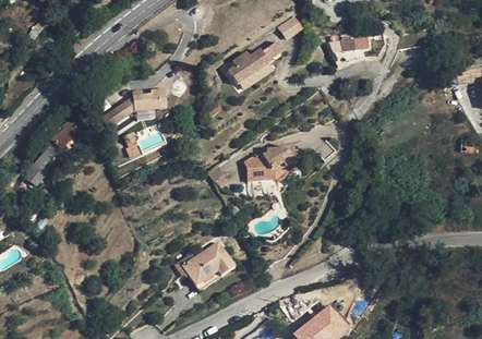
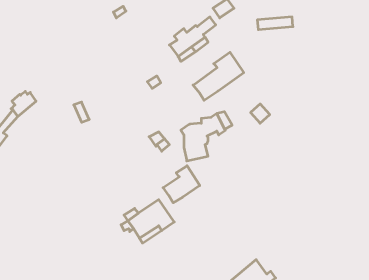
building: none -> [193,52,244,100]
building: [101,88,166,128] -> none
building: none -> [163,166,200,203]

